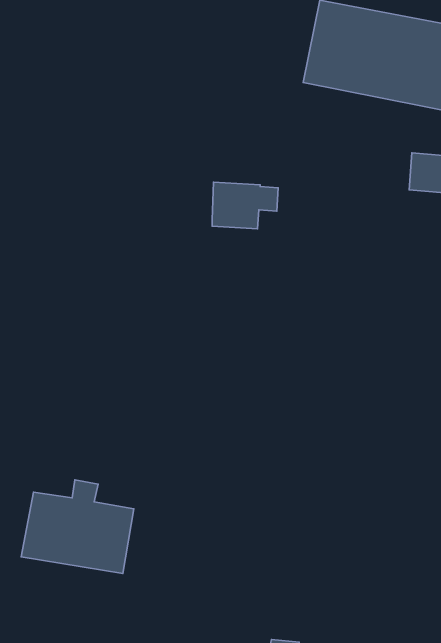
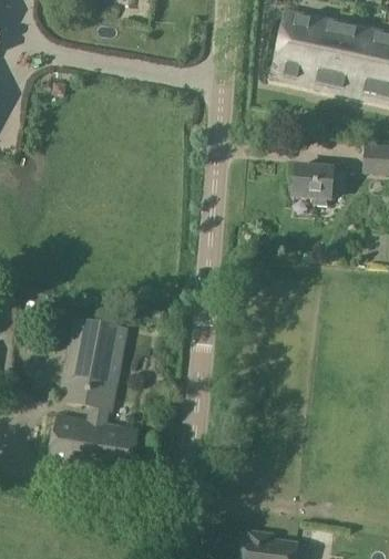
building: [212,182,278,229] -> [294,164,347,201]
building: none -> [61,317,125,405]

